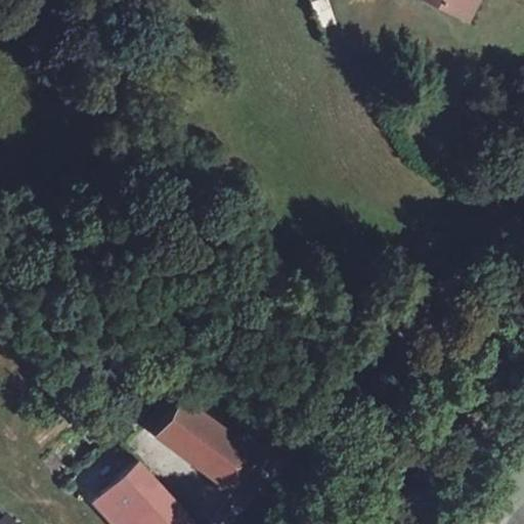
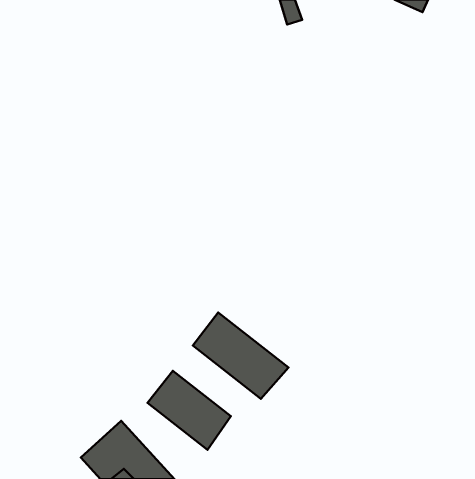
building: none -> [193,312,289,399]

